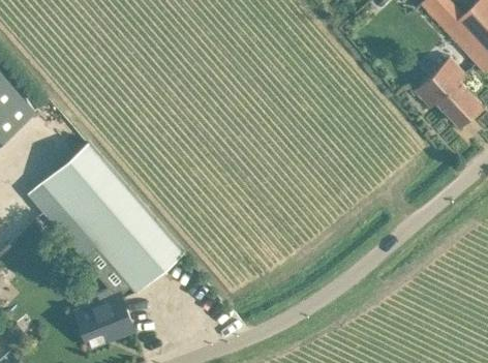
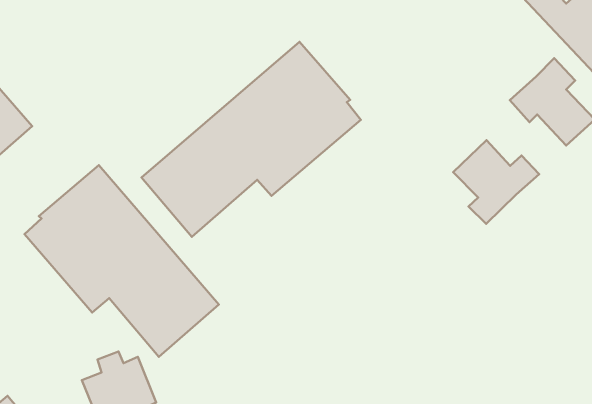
building: none -> [141,42,361,237]
building: none -> [453,140,539,224]

